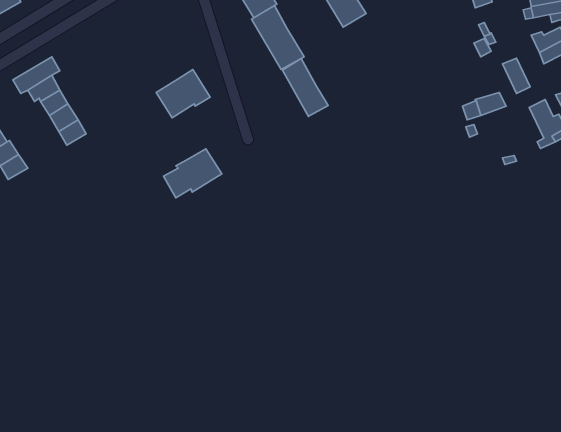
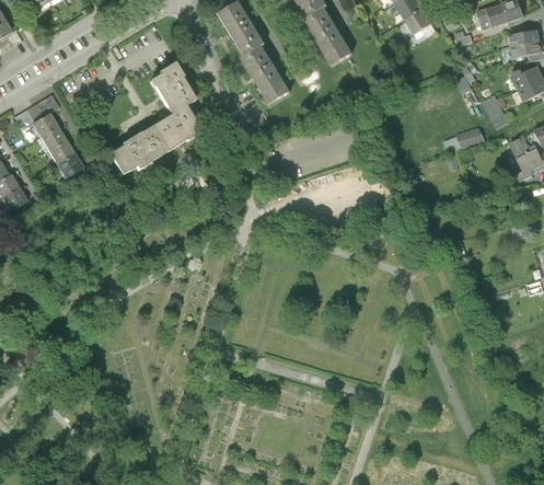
building: none -> [151,60,196,114]
building: [282,59,328,116] -> none
building: [163,149,222,198] -> [111,127,166,174]

